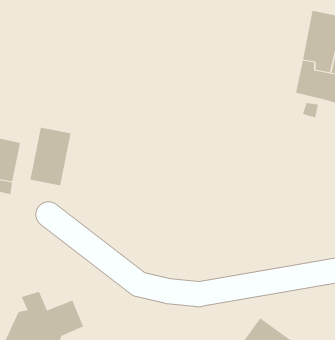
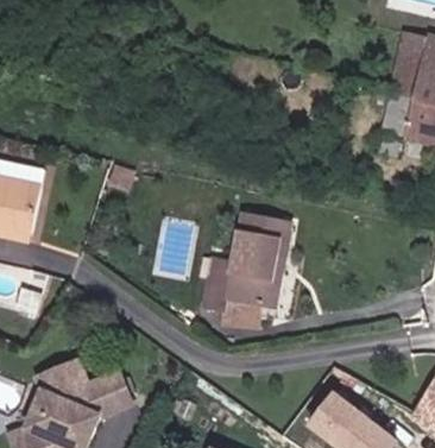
building: [30,127,71,186] -> none
building: none -> [202,215,289,315]

